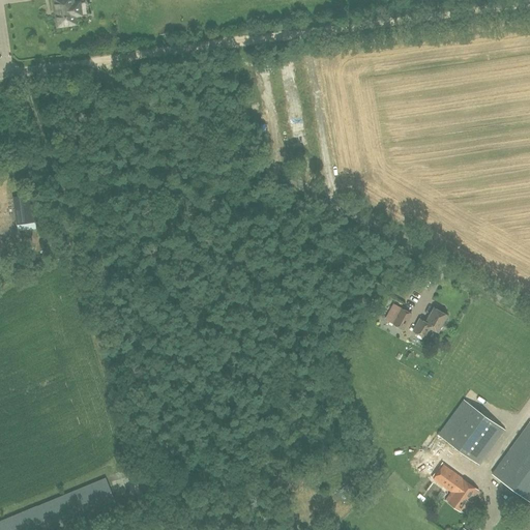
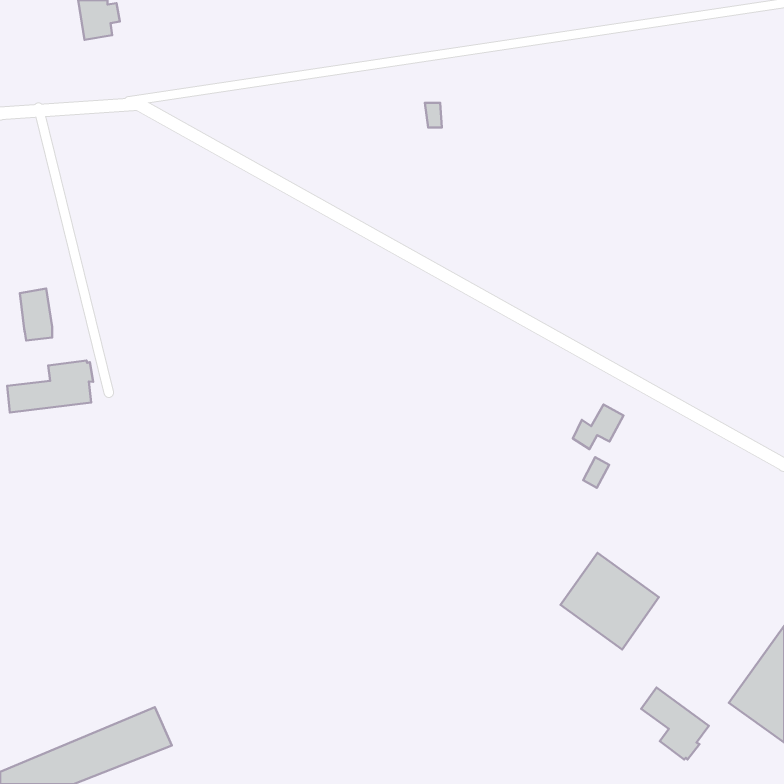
building: none -> [7,361,93,412]
building: [413,307,447,337] -> [573,405,623,449]
building: [438,399,504,464] -> [561,553,659,649]

